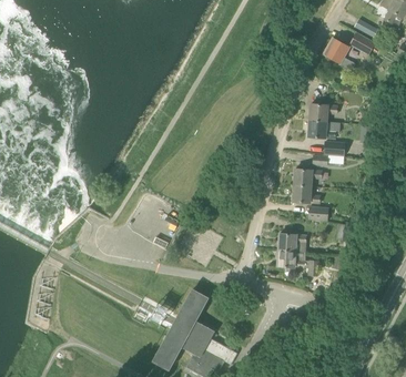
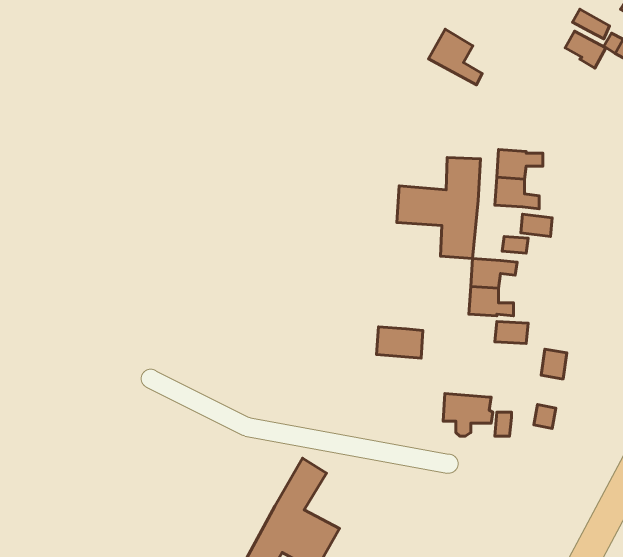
building: [323,37,355,70] -> [428,29,482,85]
building: none -> [397,157,480,259]
building: [278,233,306,252] -> [377,327,423,358]

